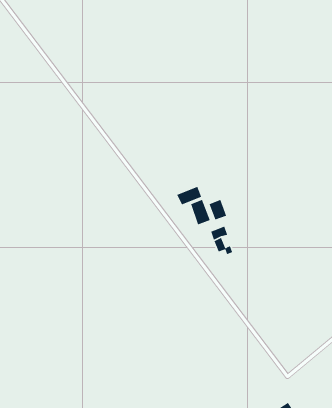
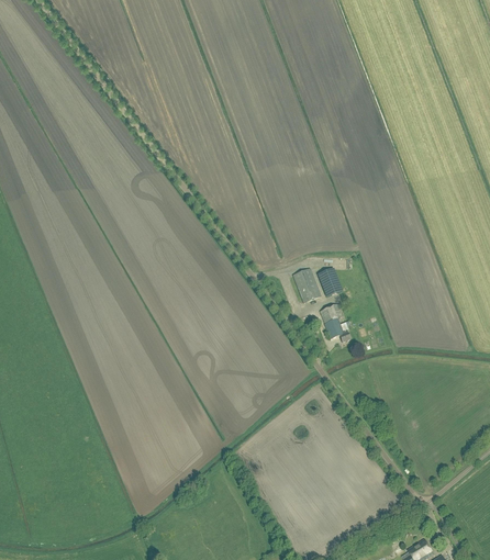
building: [176,186,202,205] -> none

